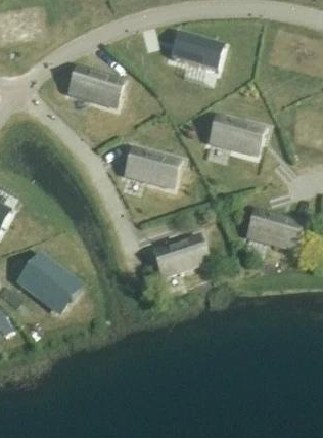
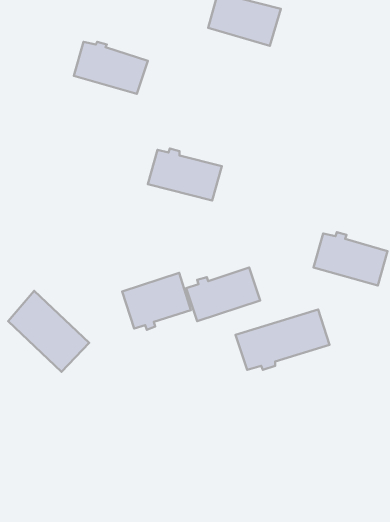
building: [209,116,264,155] -> none
building: none -> [122,273,191,330]
building: none -> [236,310,330,370]

